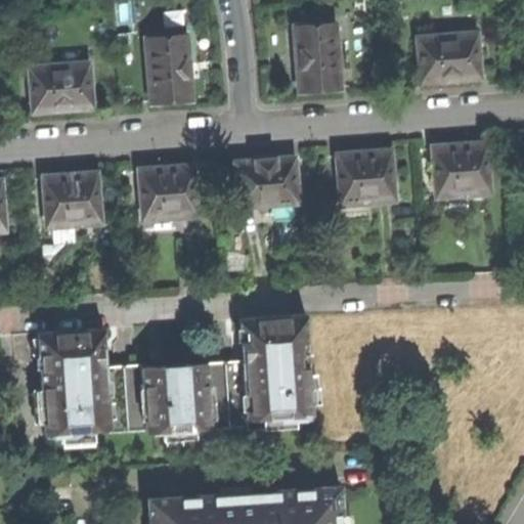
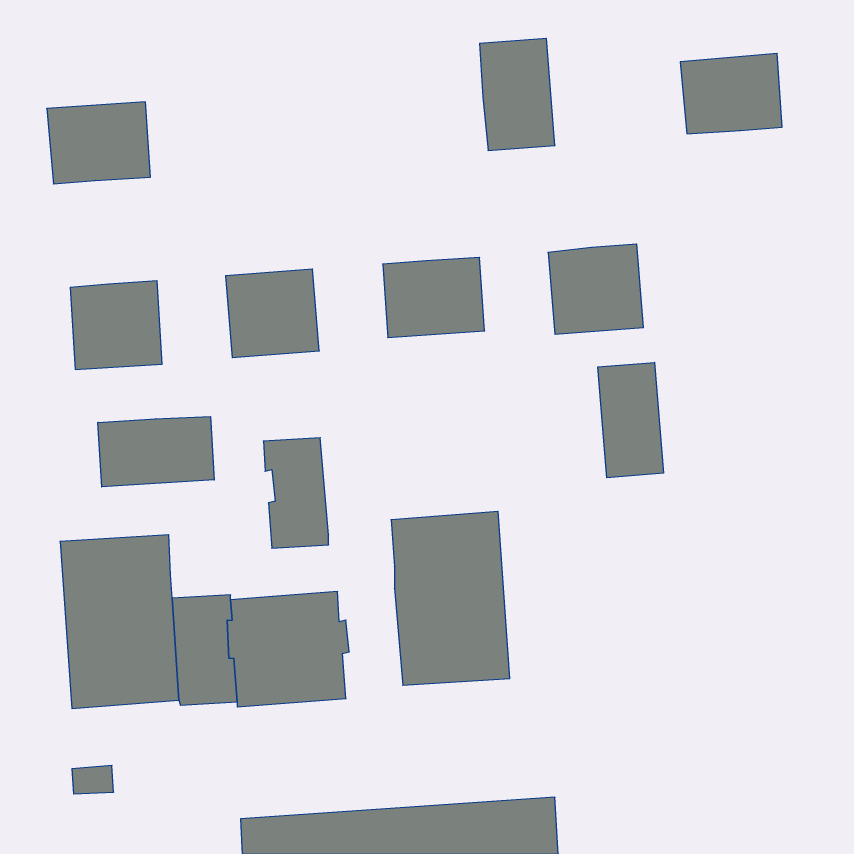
building: [145,35,191,103] -> none
building: [432,142,489,196] -> none
building: none -> [598,362,663,478]
building: none -> [98,417,214,487]
building: [207,360,247,428] -> [263,438,329,548]

